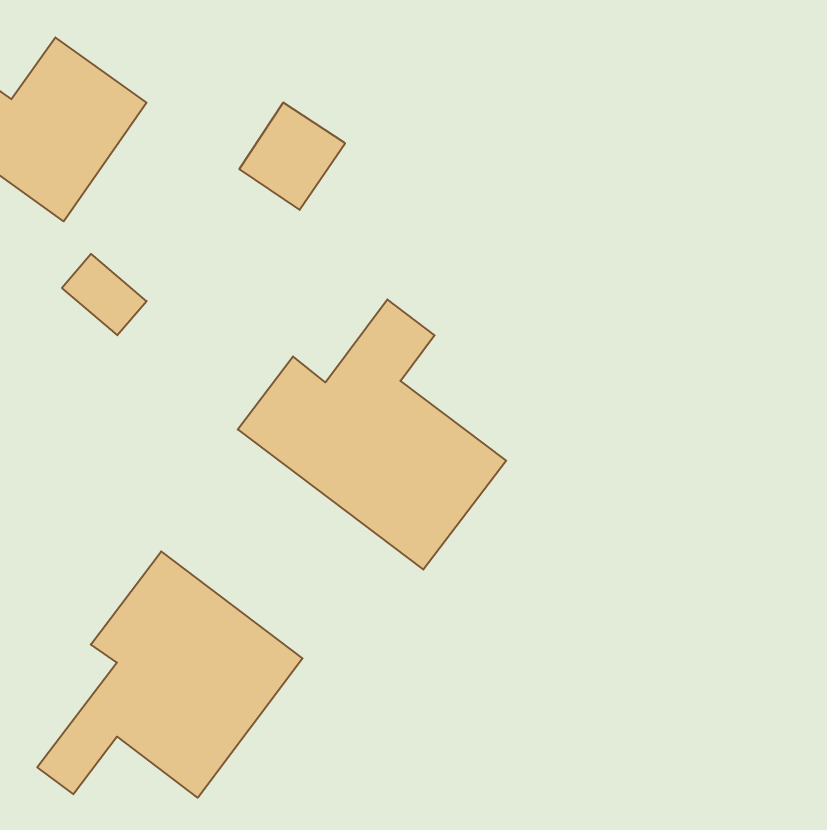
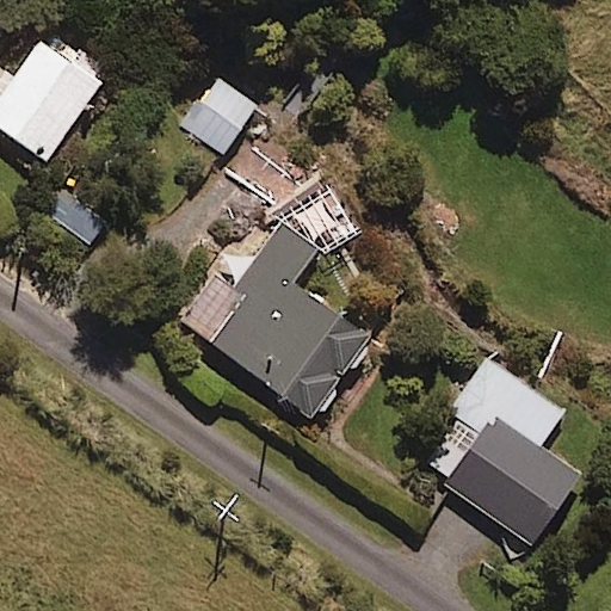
building: none -> [445,358,580,547]
building: [37,551,303,798] -> none

